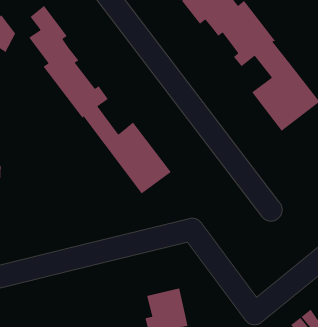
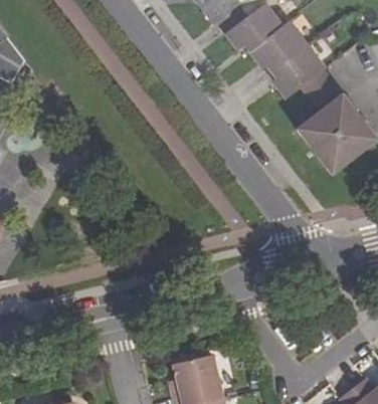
building: [28,5,172,195] -> none

